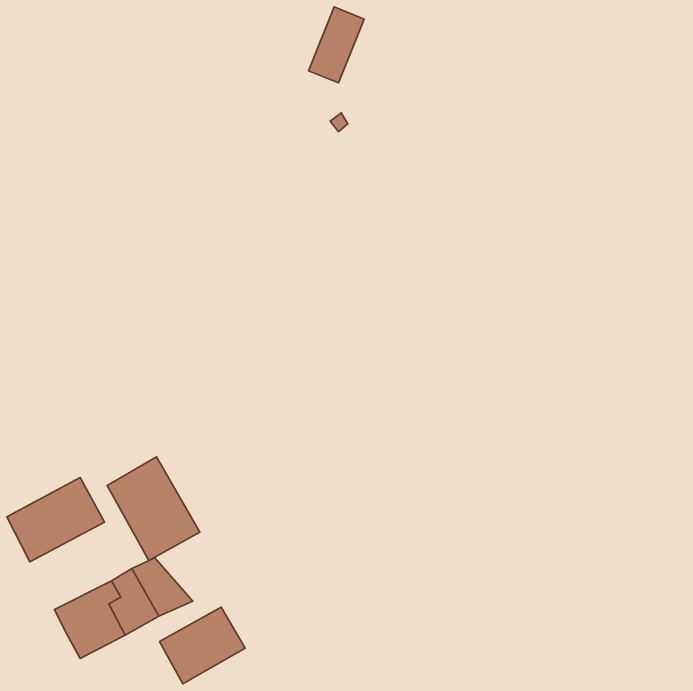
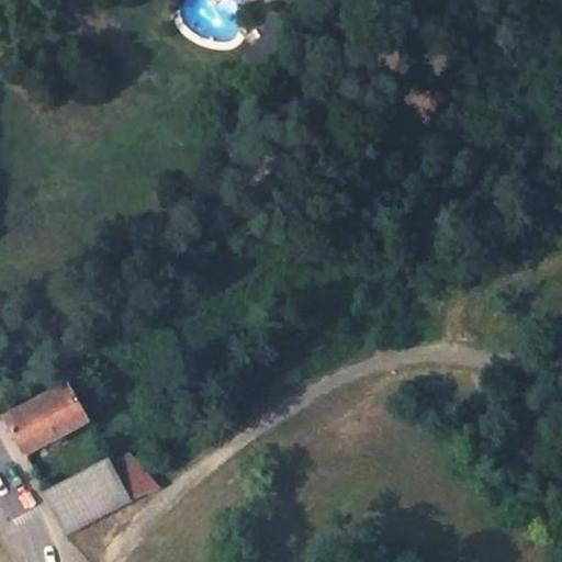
building: [107,457,200,561] -> none
building: [160,607,245,684] -> none

